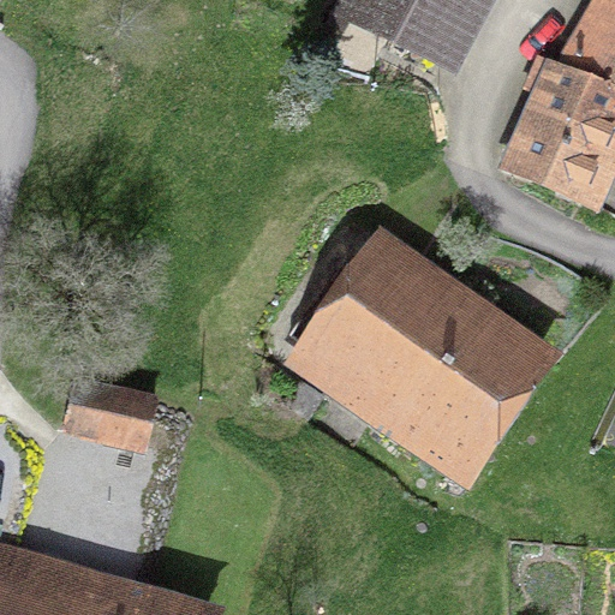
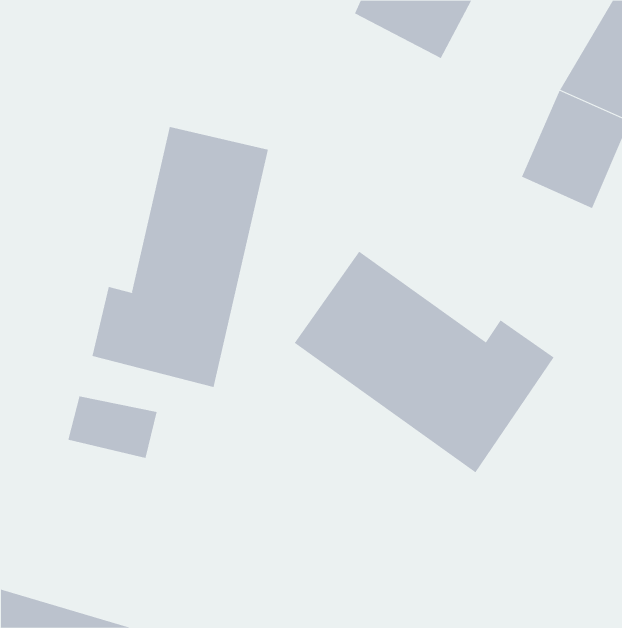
building: none -> [92,126,269,388]

